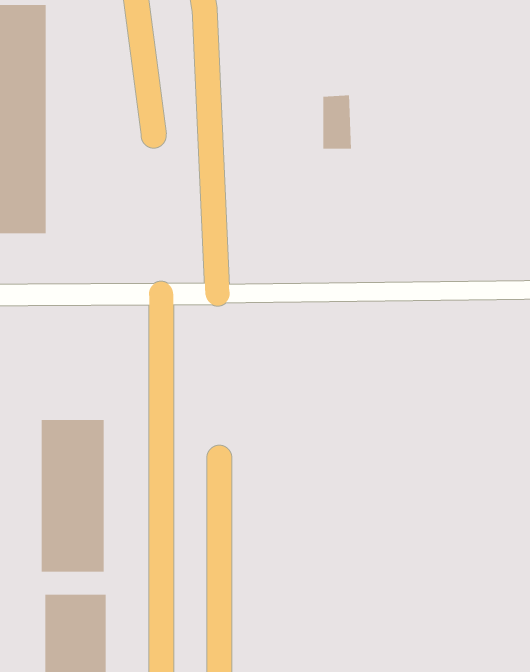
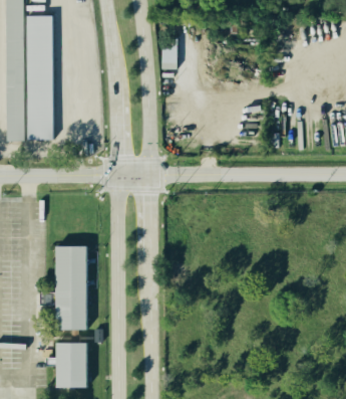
building: [323,95,352,149] -> [163,39,180,69]

